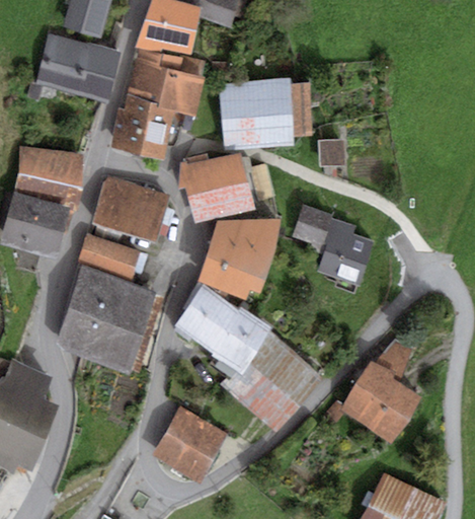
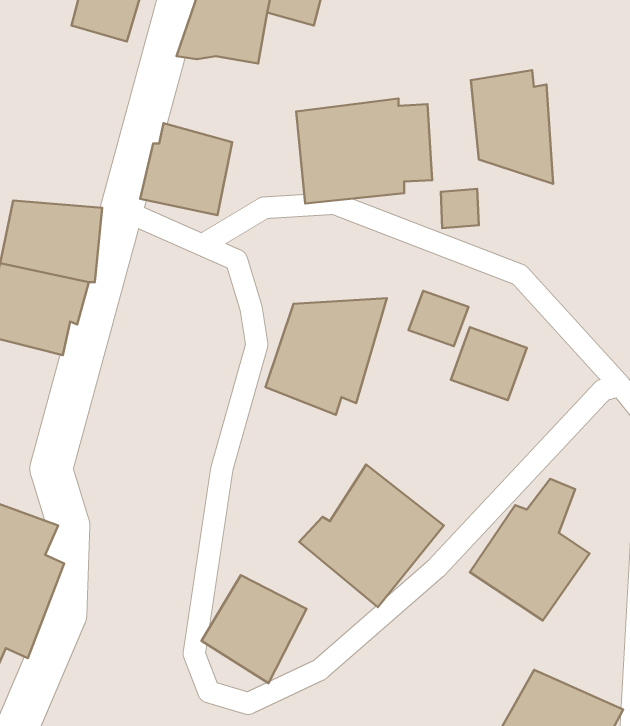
building: [38,36,121,101] -> none
building: [127,51,207,114] -> none
building: none -> [471,70,553,184]
building: [179,151,255,223] -> none
building: [93,177,171,240] -> none
building: [79,234,141,275] -> none
building: [57,266,156,372] -> none
building: [172,283,271,371] -> none

